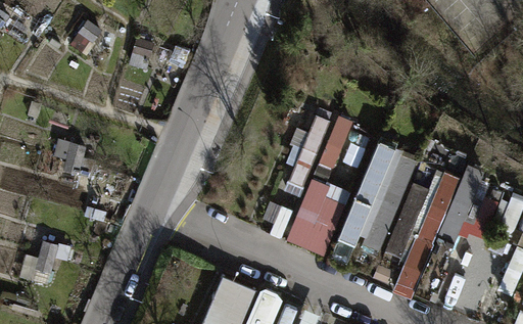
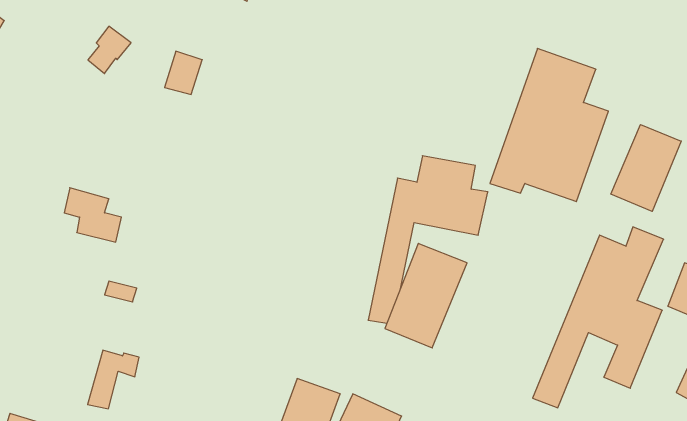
building: none -> [611,125,681,211]
building: [340,145,427,258] -> [490,48,608,202]
building: [30,241,67,284] -> [88,350,139,409]

